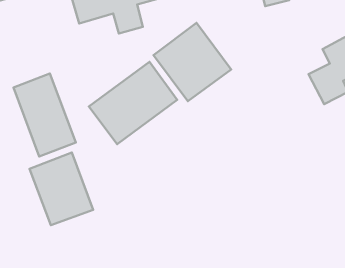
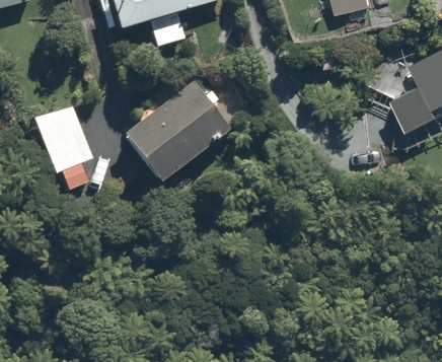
building: [153,23,231,101] -> none
building: [30,152,93,225] -> none

